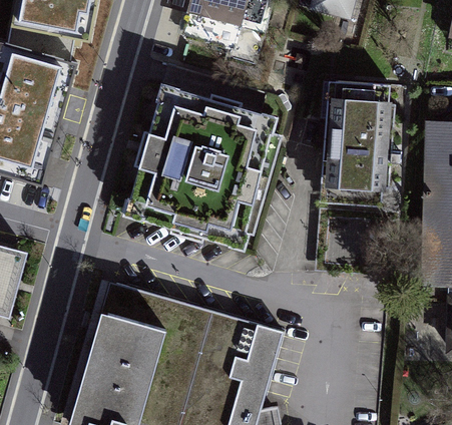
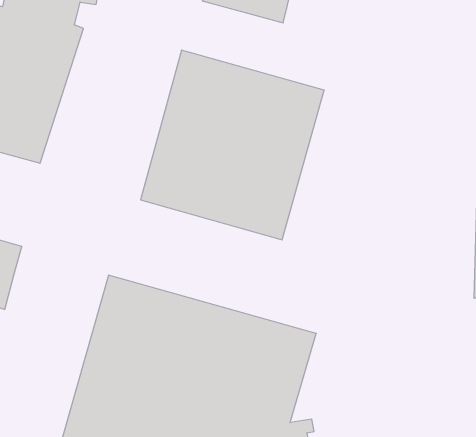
building: [316,79,395,202] -> none

